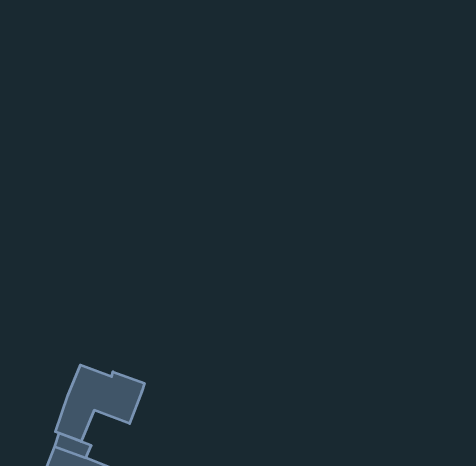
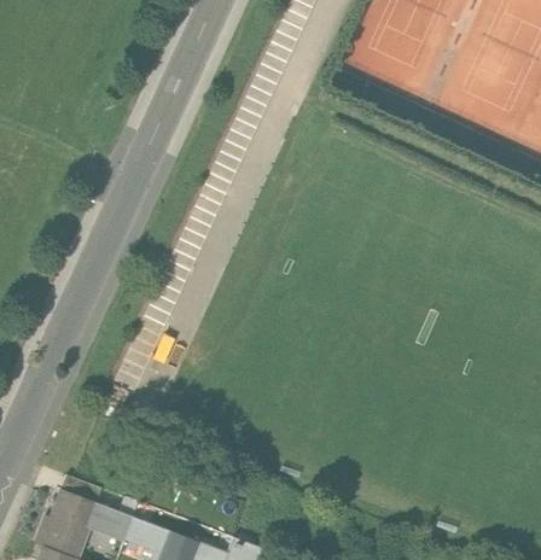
building: [55,365,144,442] -> none

